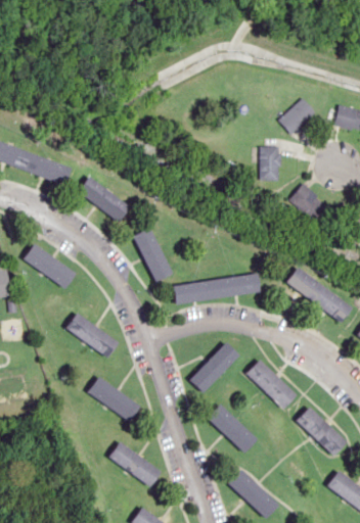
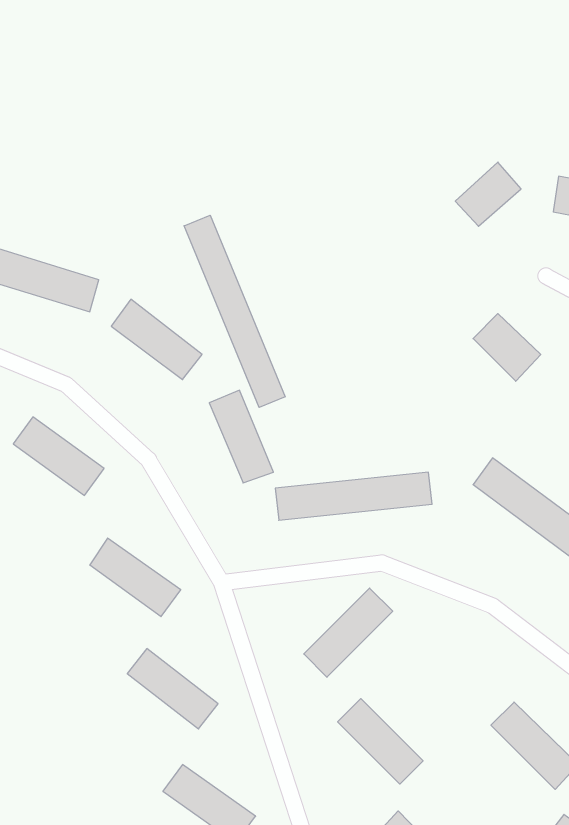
building: none -> [184,215,285,407]
building: [258,146,277,180] -> none
building: [248,359,299,409] -> none

